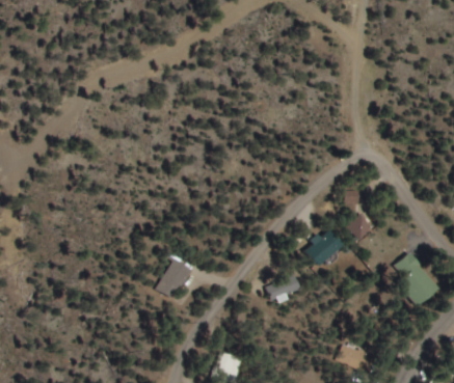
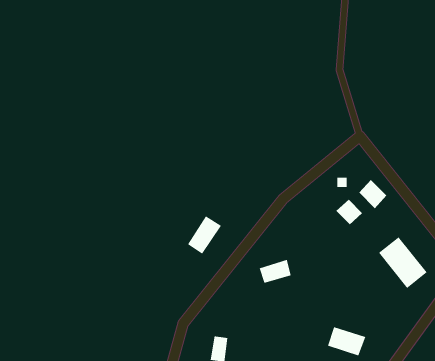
building: none -> [358,179,387,209]
building: [304,227,343,265] -> none
building: [155,258,190,298] -> [187,216,222,255]

